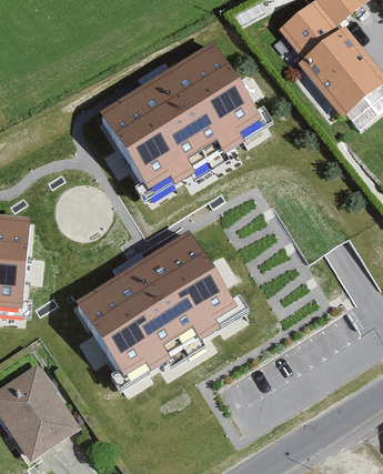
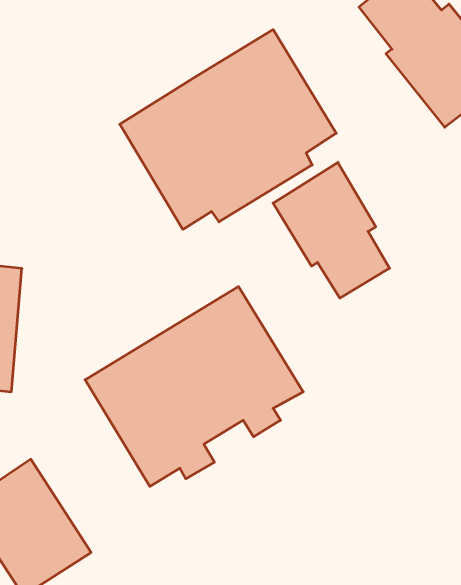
building: none -> [273,162,390,298]

